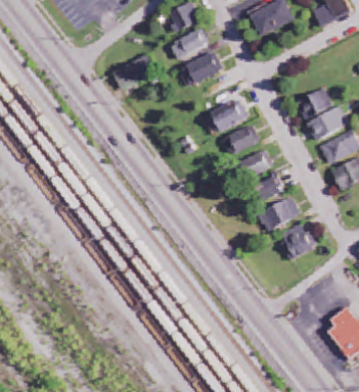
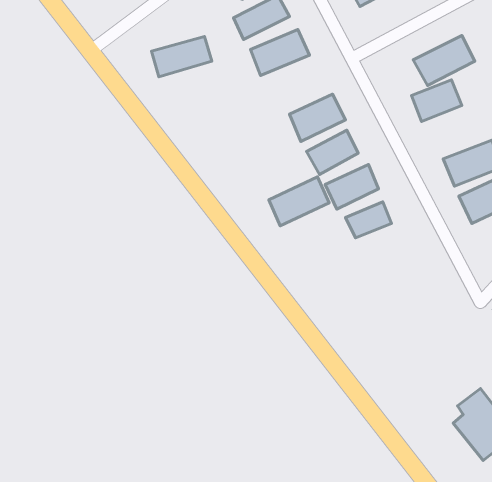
building: [306,105,350,141] -> [413,35,475,86]
building: [258,196,301,231] -> [269,177,329,226]
building: [279,225,312,259] -> none

